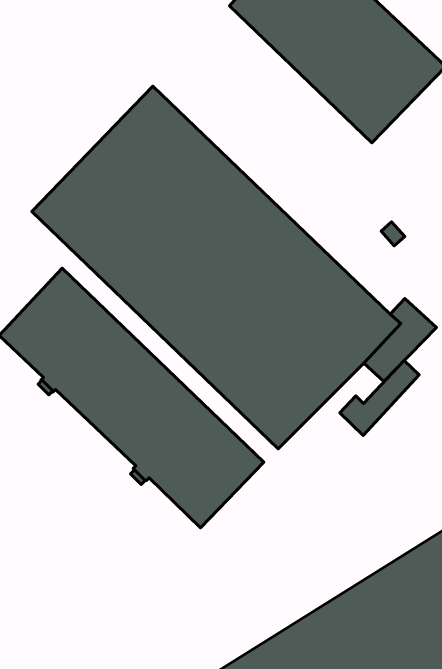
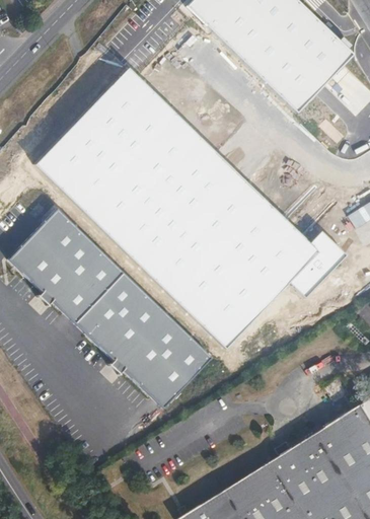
building: [340,361,419,435] -> none

